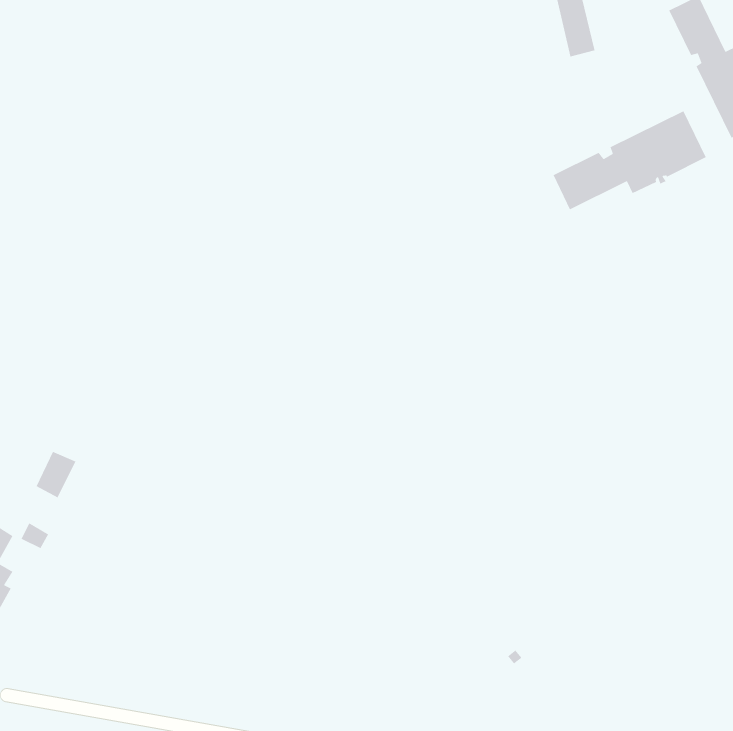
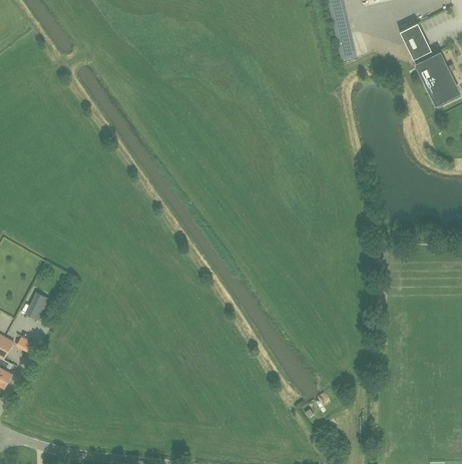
building: [552,110,707,211] -> none

